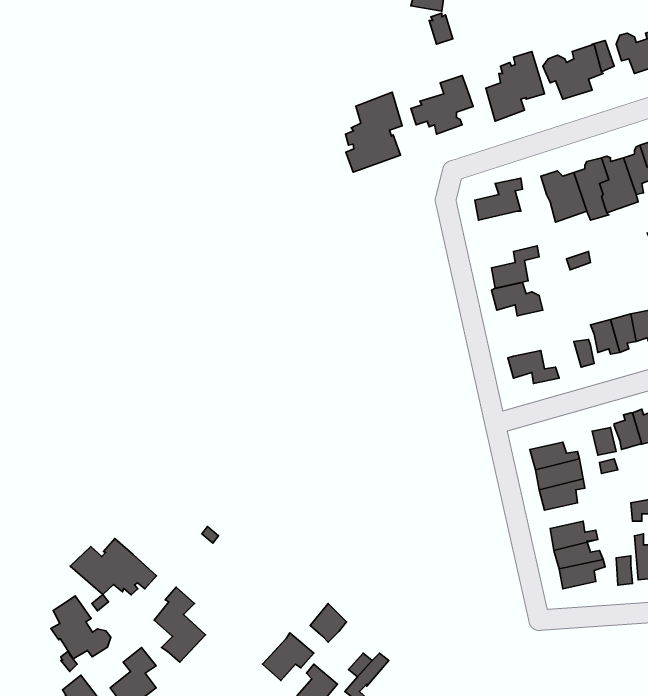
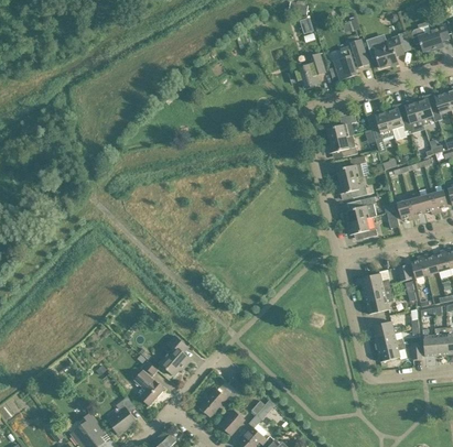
building: [346,92,402,172] -> none
building: none -> [326,134,356,156]
building: none -> [346,196,376,221]
building: [70,538,157,595] -> none
building: none -> [159,335,191,375]
building: [51,596,111,659] -> none

